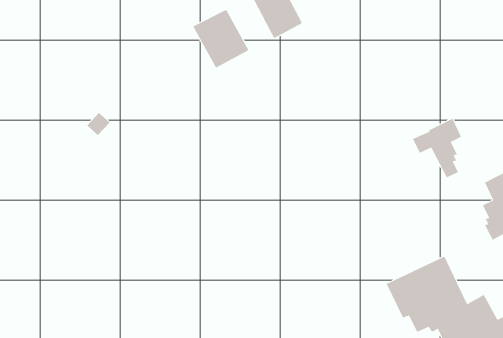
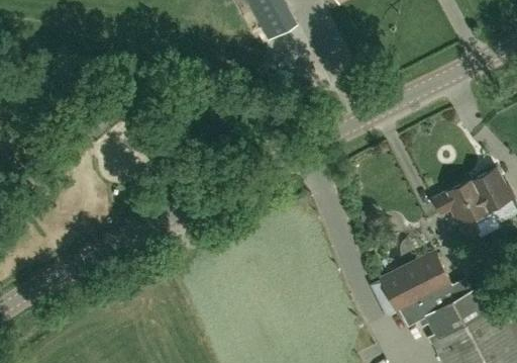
building: [193,9,249,68] -> none
building: [412,118,462,178] -> [433,179,482,238]

